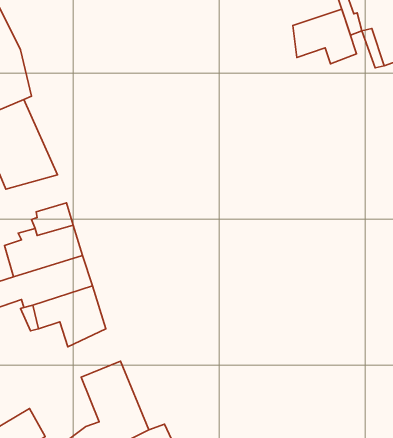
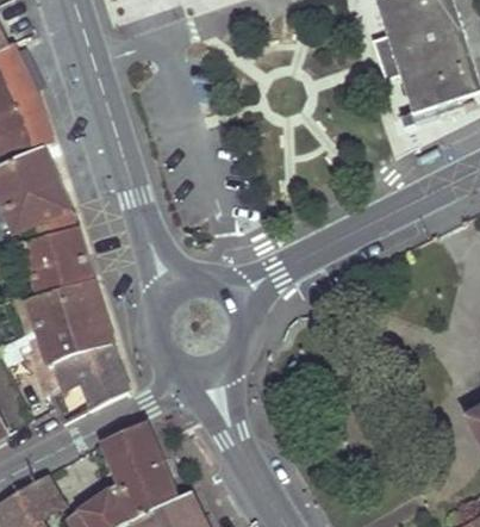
building: [293,9,357,64] -> none
building: none -> [23,227,87,289]

